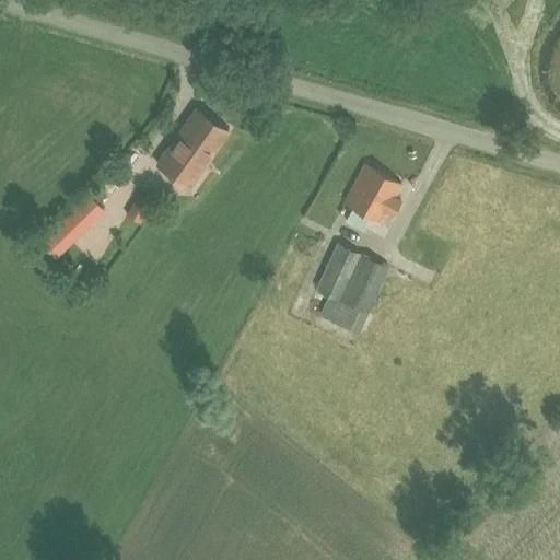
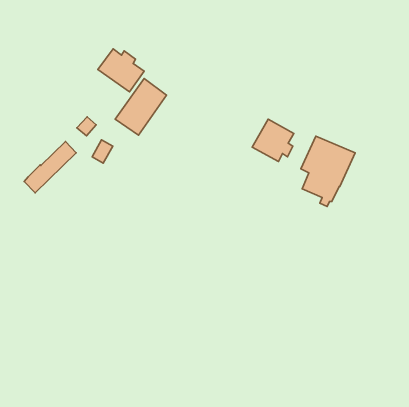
building: none -> [98,49,144,92]
building: [316,245,390,341] -> [301,136,355,206]

